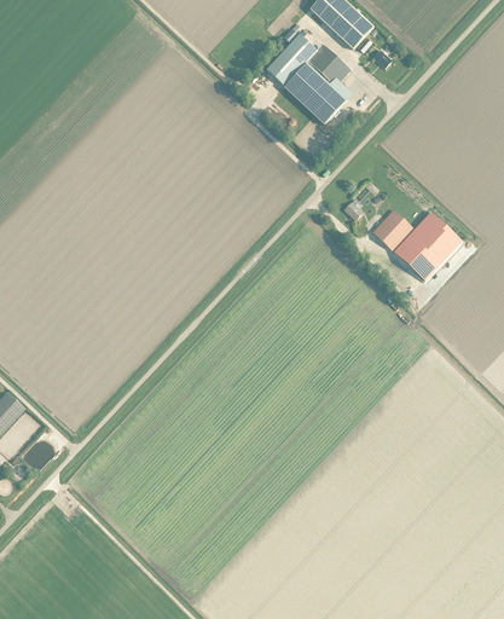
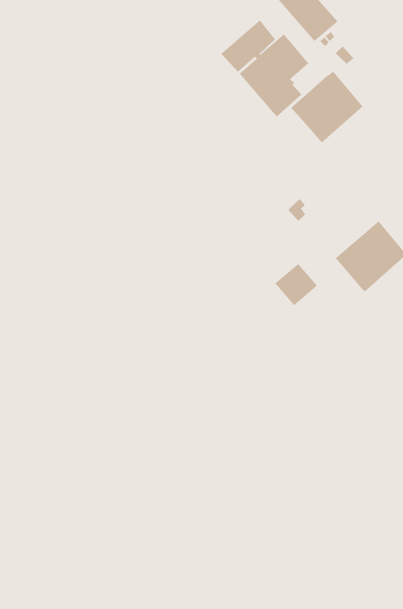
building: none -> [291,71,363,143]
building: [372,209,413,250] -> [274,263,318,306]

